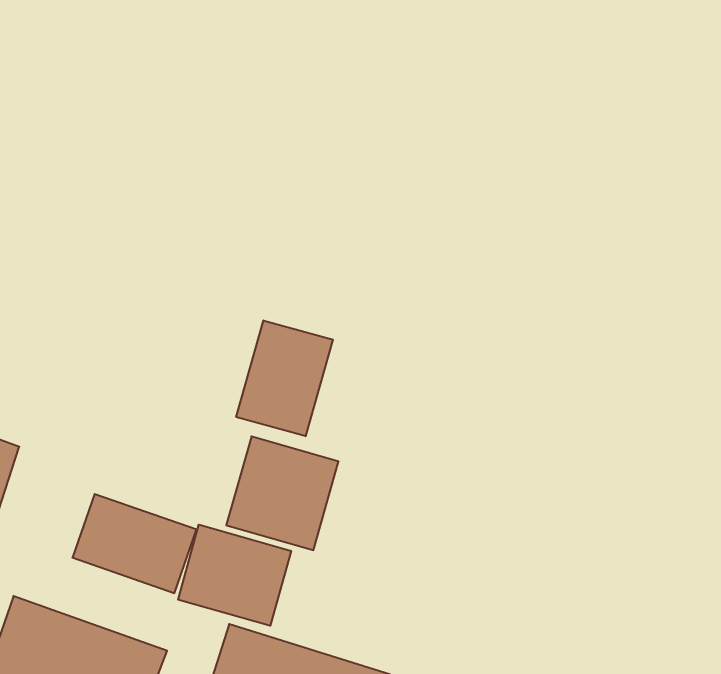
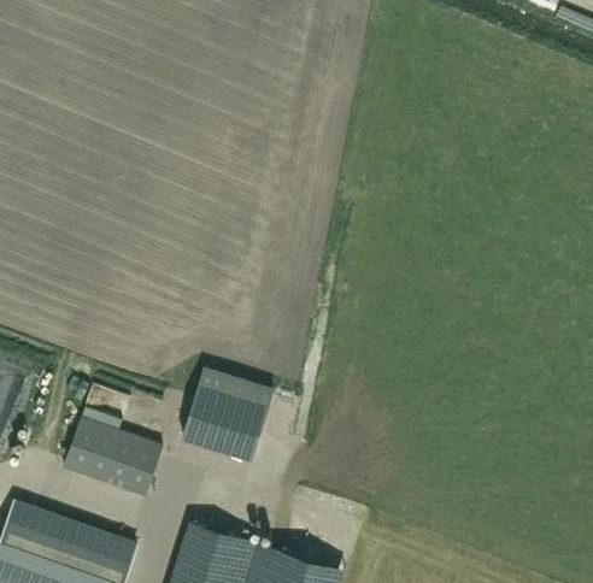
building: [236,320,333,436] -> none
building: [178,525,291,626] -> none

